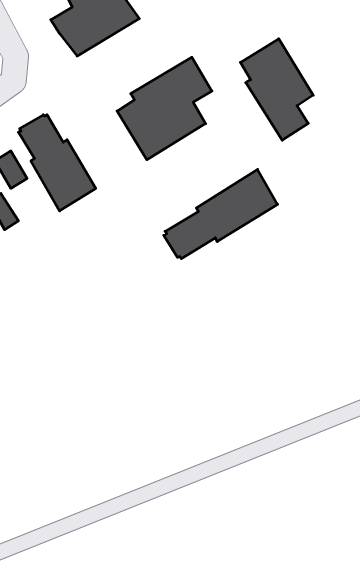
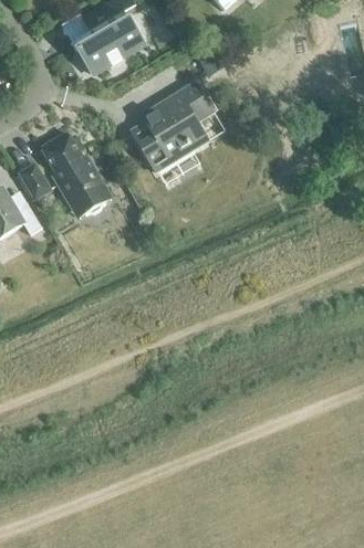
building: [240,39,313,140] -> none
building: [164,169,278,259] -> none

